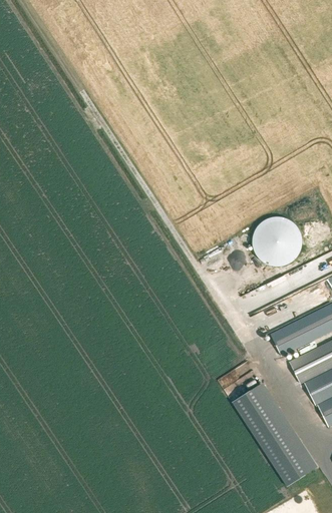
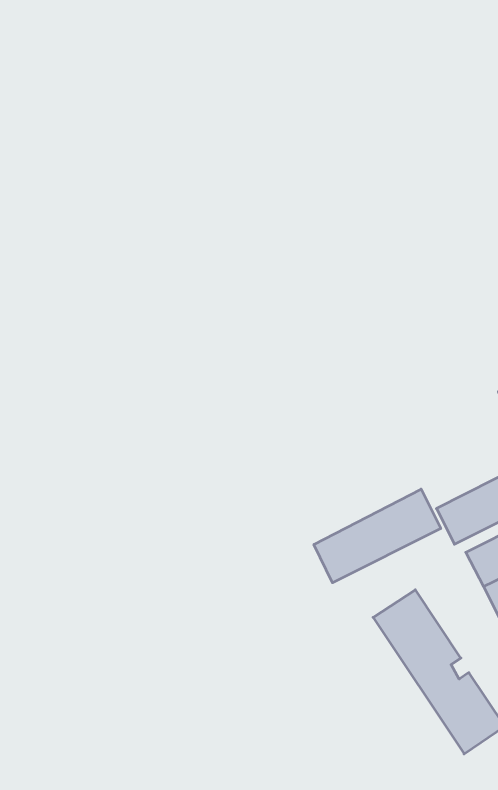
building: [252,216,302,267] -> none
building: none -> [314,489,441,583]

